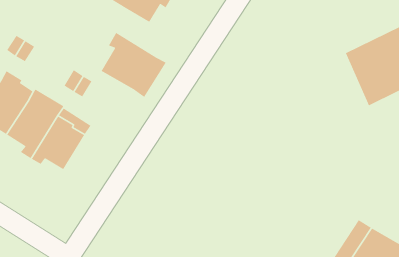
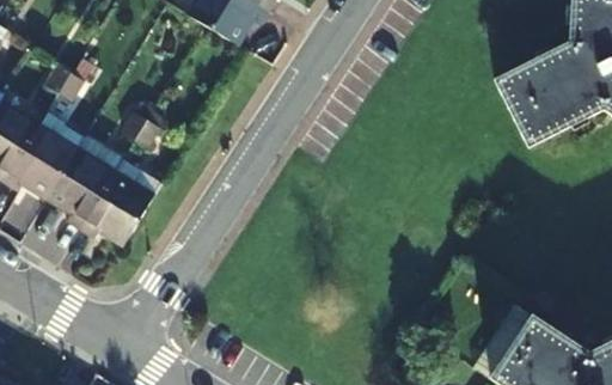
building: [101,32,167,98] -> none

